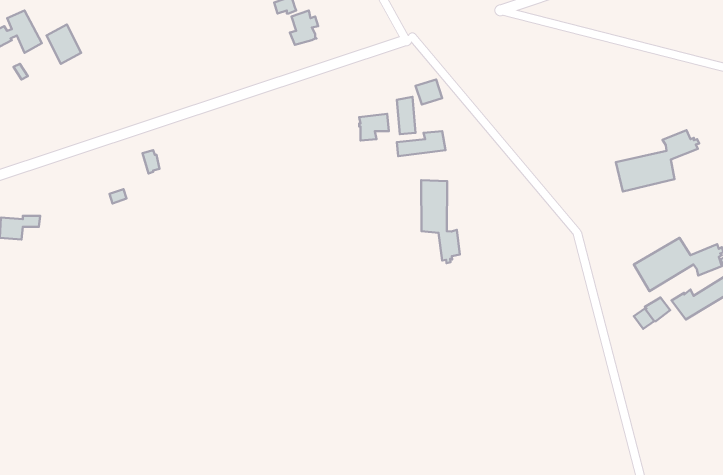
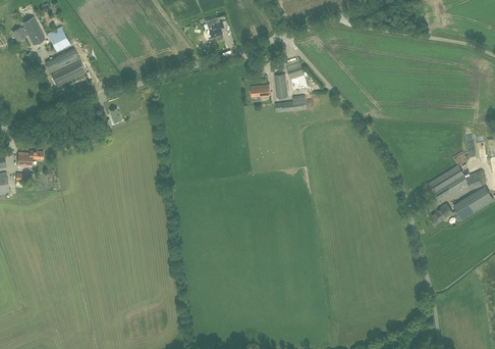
building: none -> [45,47,85,85]
building: [616,130,699,192] -> none
building: [421,180,460,263] -> none

